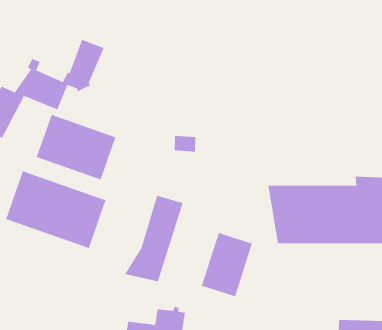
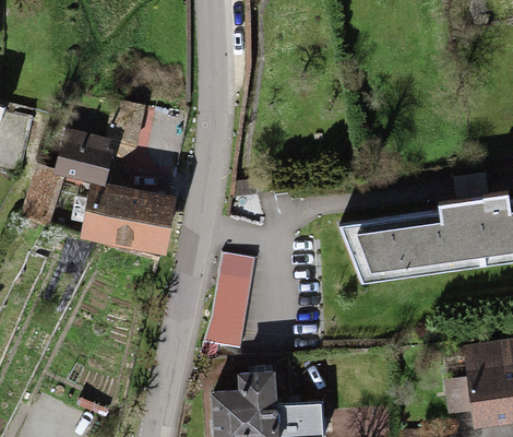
building: [6,171,106,249] -> none
building: [201,232,252,297] -> none

